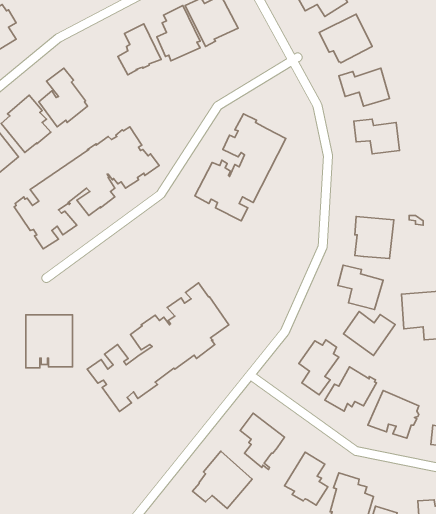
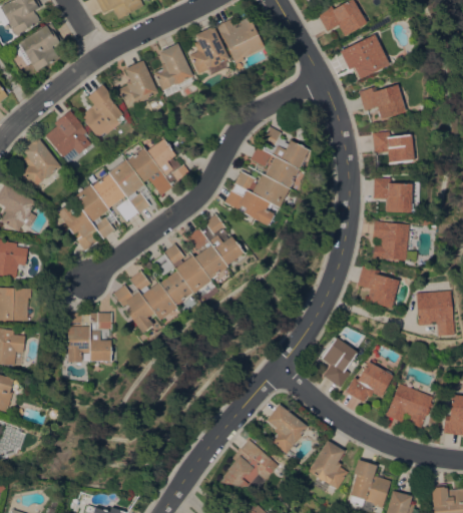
building: none -> [118,60,158,108]
building: none -> [373,178,412,212]
building: [87,283,229,411] -> [112,213,244,333]
building: [343,311,395,356] -> none

